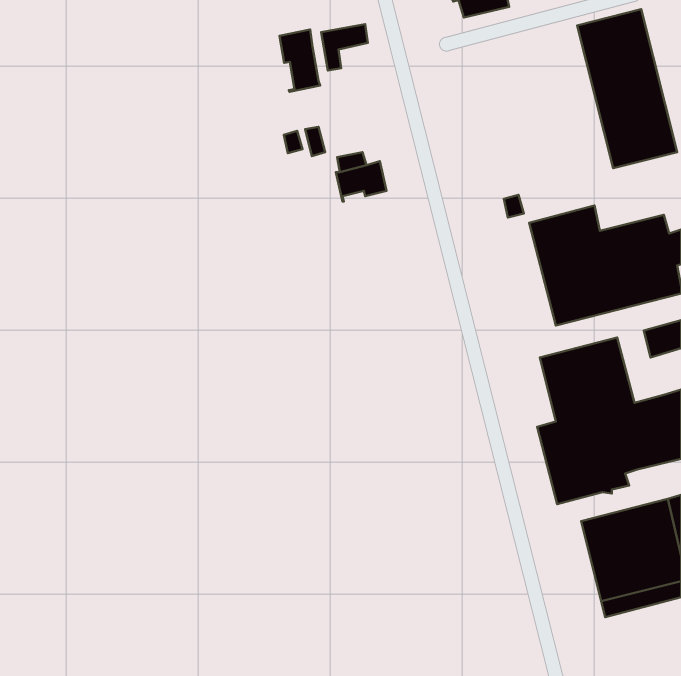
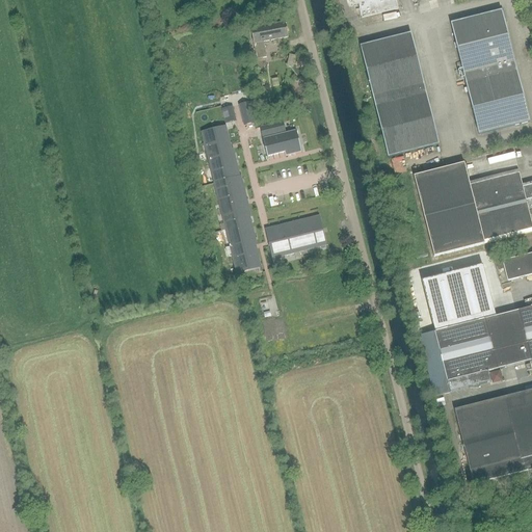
building: [279,30,320,92] -> none
building: none -> [360,30,437,154]
building: none -> [202,128,260,265]
building: none -> [268,212,326,256]

